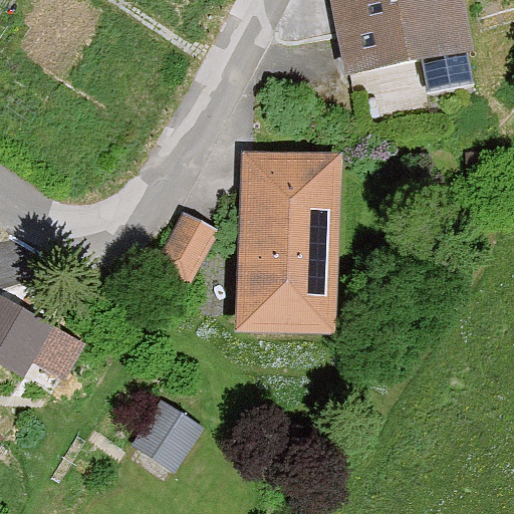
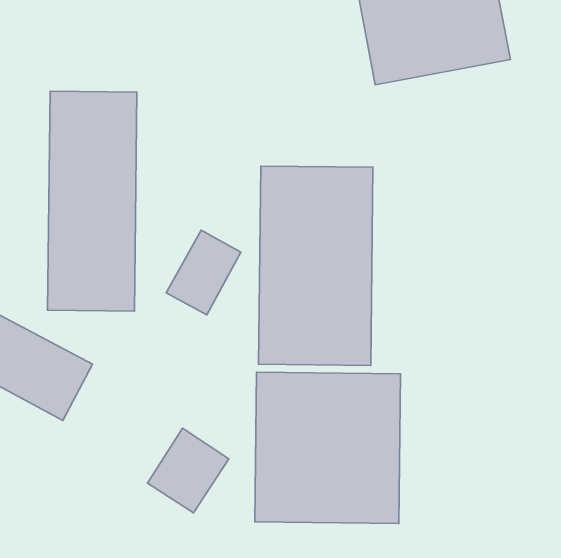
building: none -> [48,91,137,311]
building: none -> [255,372,401,523]

